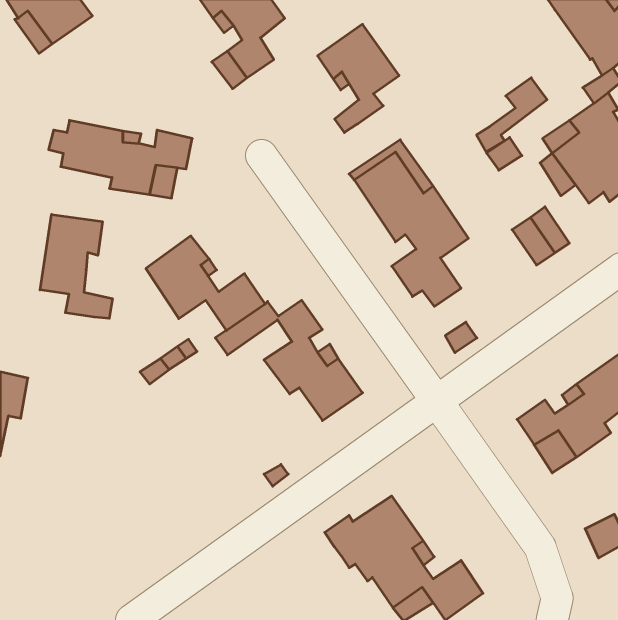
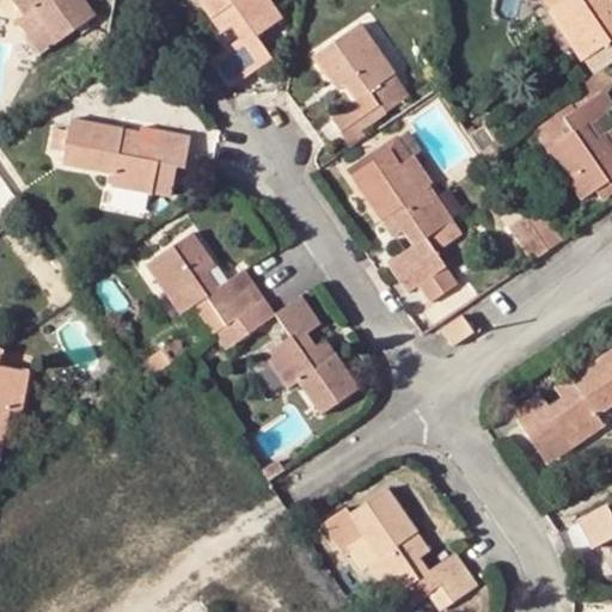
building: [477,78,547,152] -> [342,74,411,147]
building: [40,214,112,318] -> none

